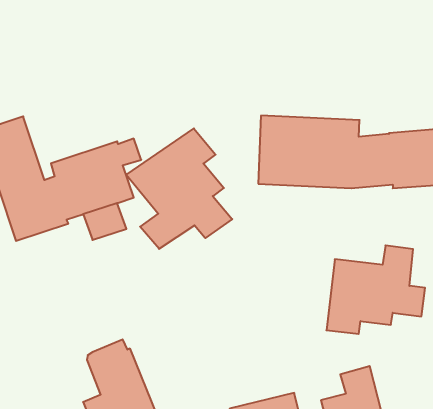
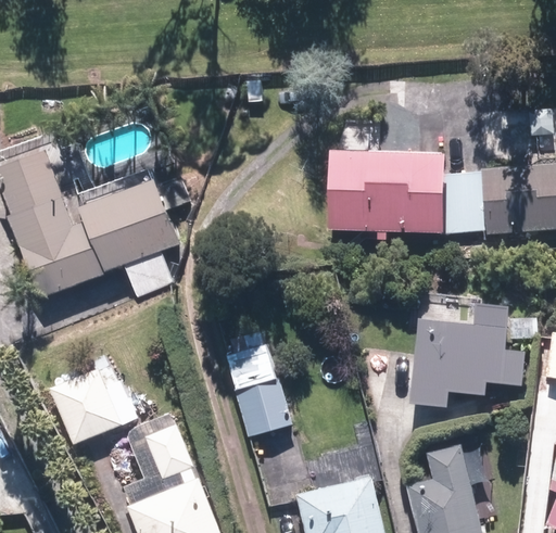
building: [126,128,232,249] -> none
building: none -> [224,331,290,436]
building: none -> [48,368,137,444]

